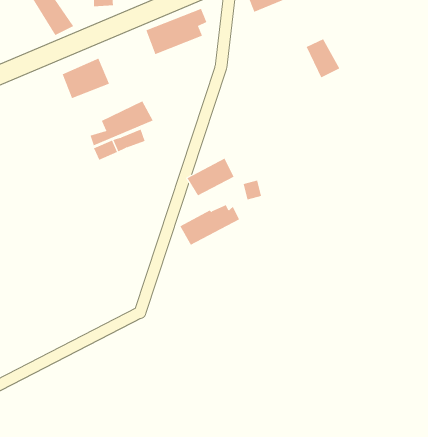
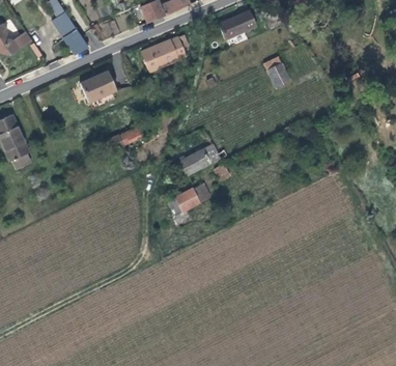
building: [90,100,154,146] -> none

